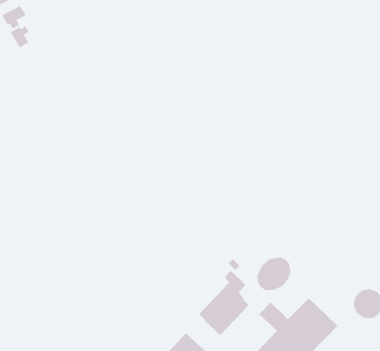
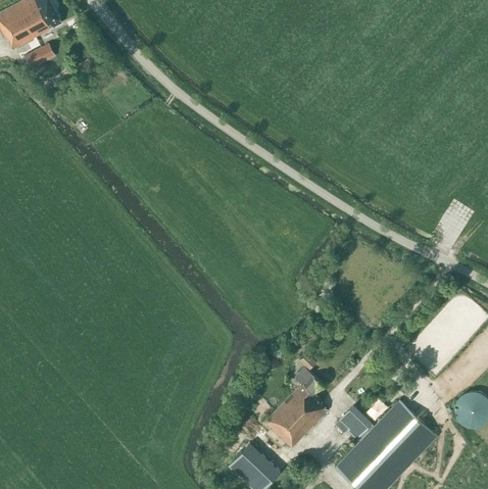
building: [10,26,29,48] -> none
building: [257,257,291,291] -> none

